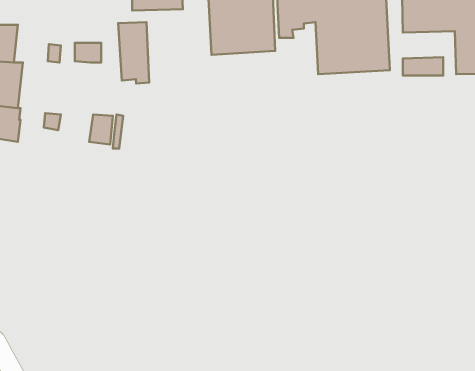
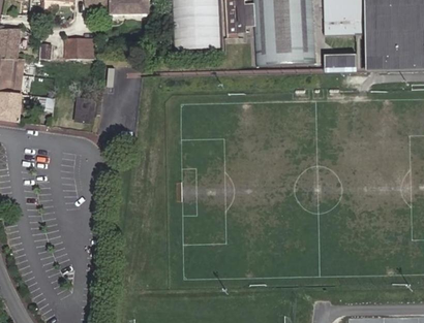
building: [118,22,149,84] -> none

